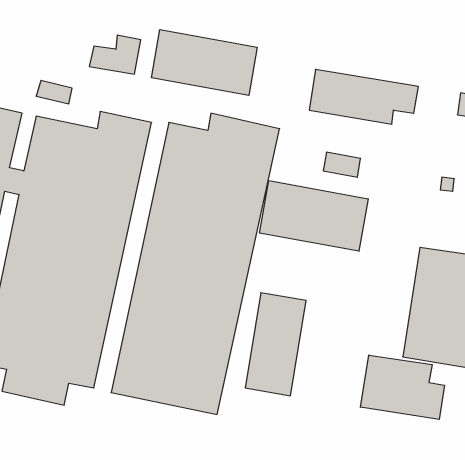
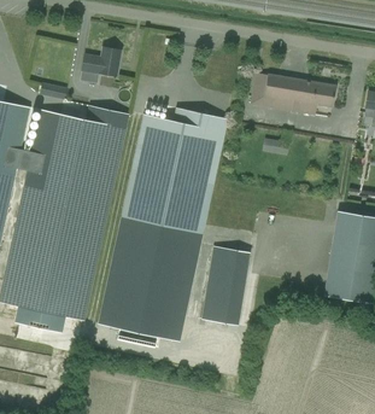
building: [152,30,257,95] -> none
building: [260,181,368,251] -> none
building: [360,355,444,419] -> none

